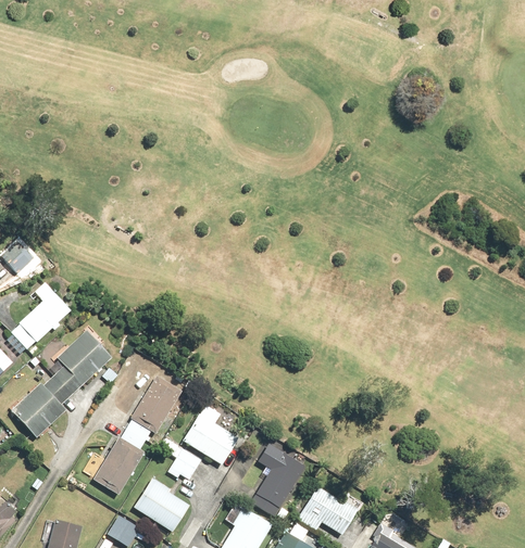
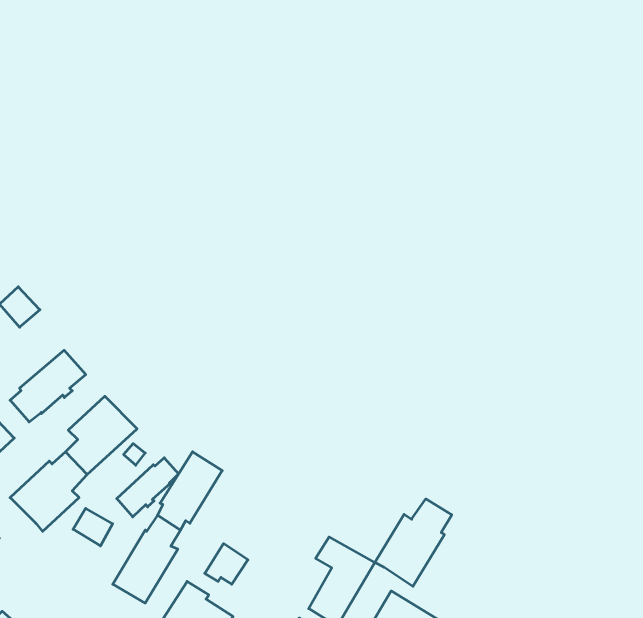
building: none -> [117,458,179,517]
building: [183,406,238,466] -> none
building: none -> [375,499,452,586]
building: none -> [73,508,113,546]

